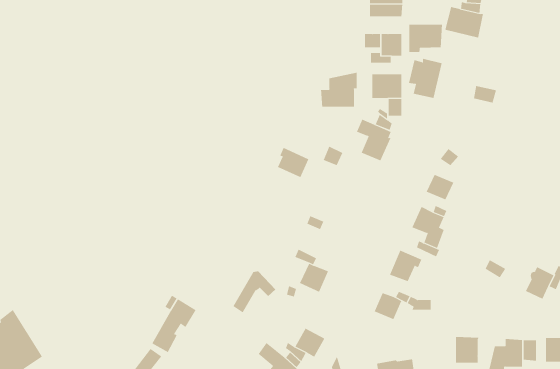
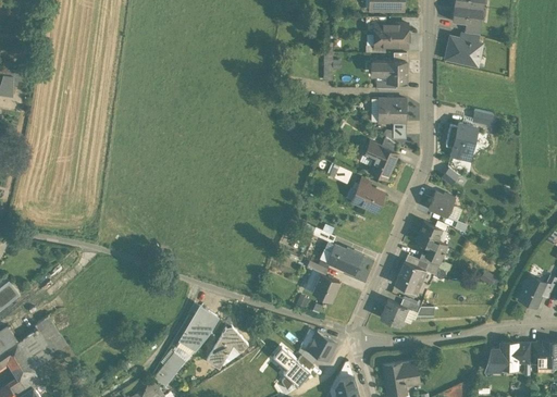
building: [409,24,442,53] -> none
building: [408,58,442,99] -> [445,123,476,160]
building: [320,72,357,108] -> none
building: [277,147,309,178] -> [354,183,383,211]
building: none -> [325,245,362,274]
building: [233,271,276,313] -> [207,326,247,365]
building: [456,336,479,364] -> none

